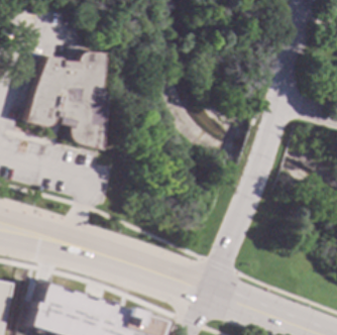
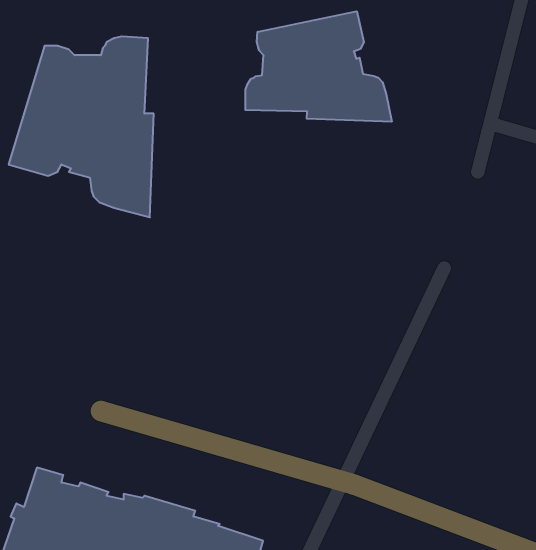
building: none -> [245,11,392,122]

